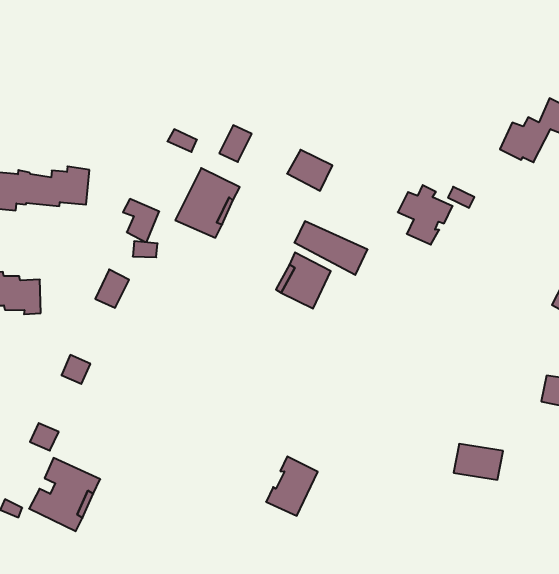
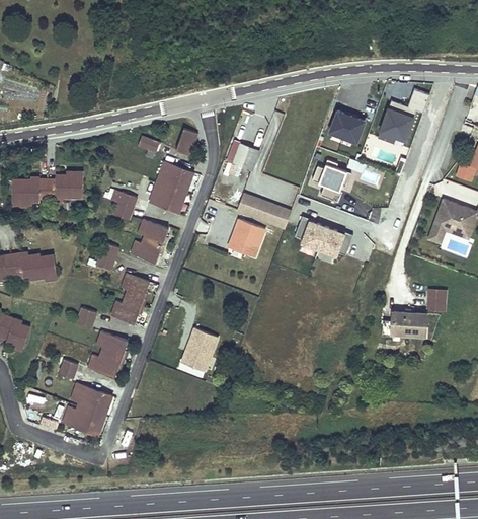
building: none -> [326,112,362,142]
building: none -> [130,220,168,264]
building: none -> [293,217,350,255]
building: none -> [110,273,149,324]
building: none -> [87,330,128,377]
building: [454,444,503,480] -> [391,311,425,335]
building: [266,456,318,516] -> [181,327,217,370]

